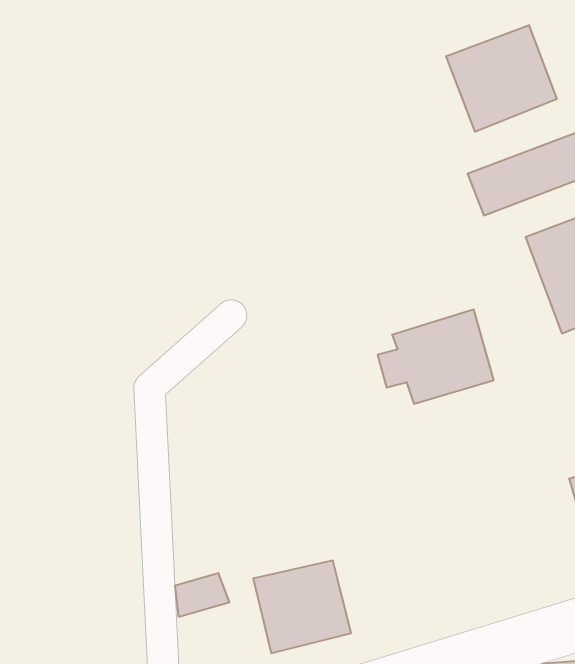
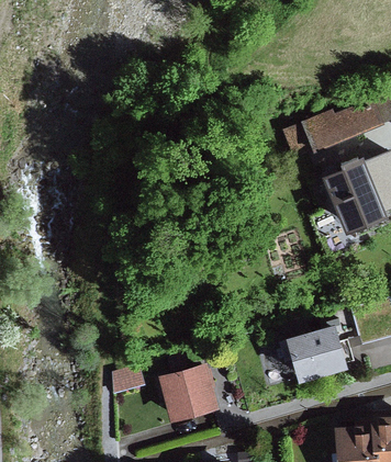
building: [446,25,557,132] -> none
building: [378,310,494,404] -> [278,319,348,376]

